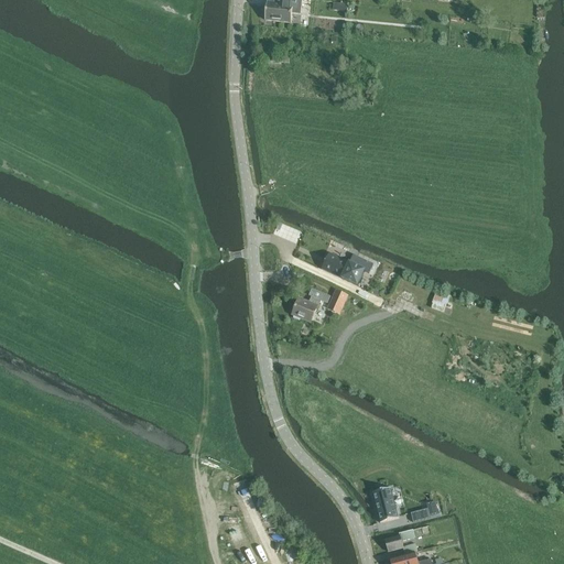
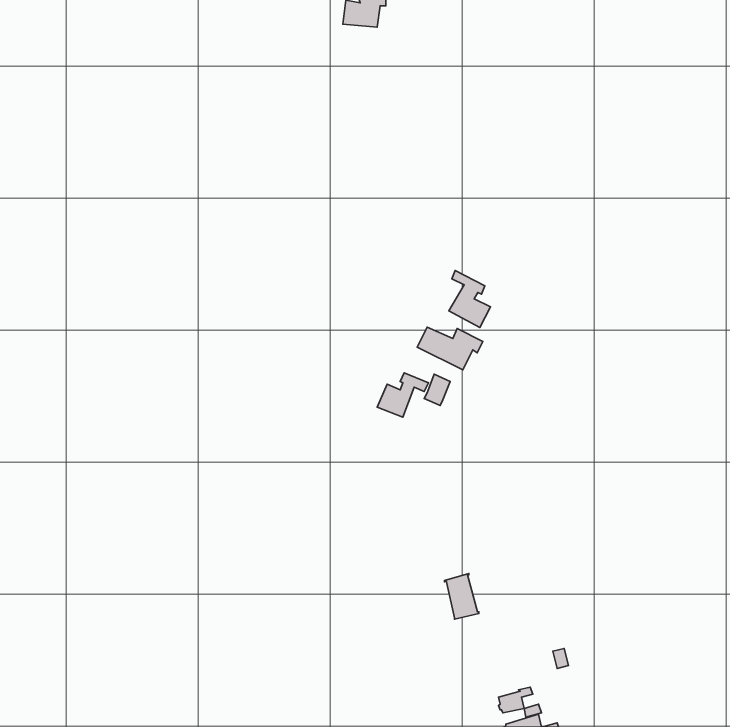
building: none -> [449,270,490,328]
building: [372,486,399,521] -> [445,573,479,619]

